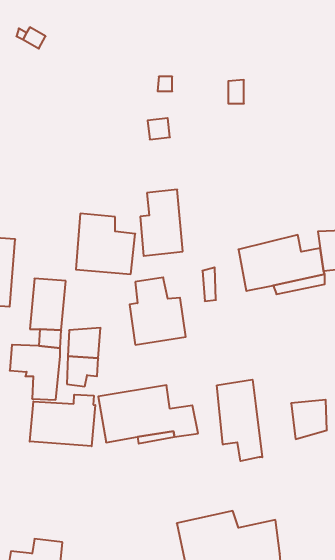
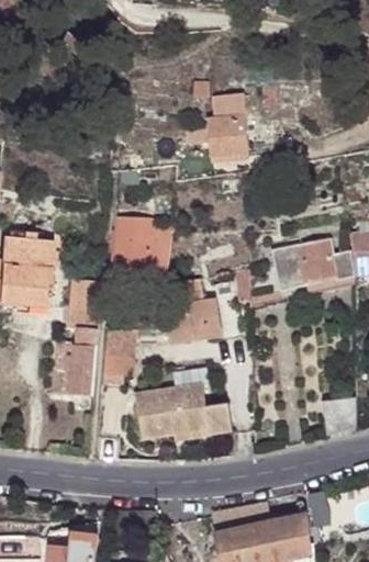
building: [140,190,183,256] -> [208,92,249,157]
building: [217,380,262,461] -> none
building: [30,395,95,446] -> none

